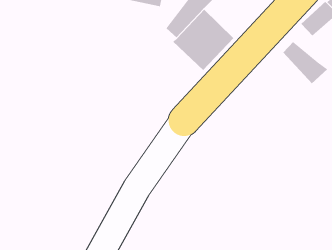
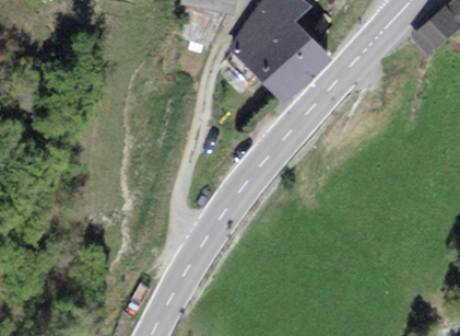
building: [283,41,328,84] -> none

